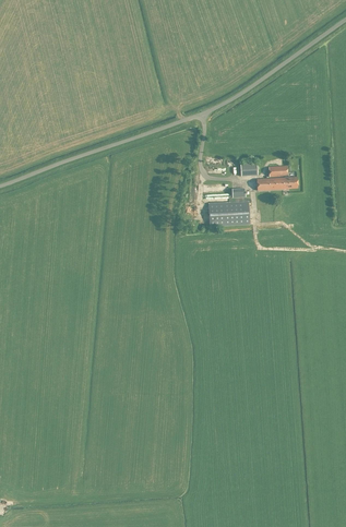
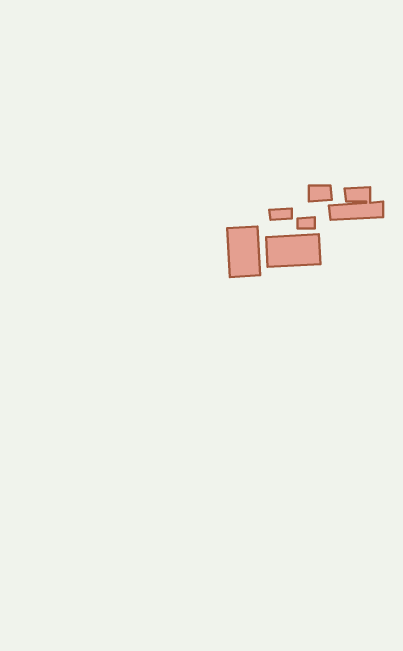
building: none -> [227,226,260,277]

